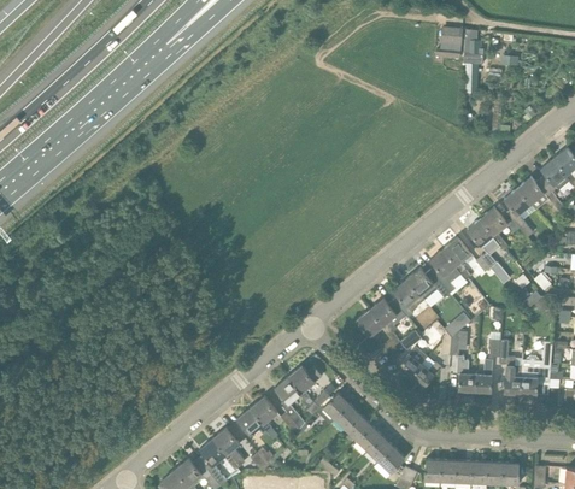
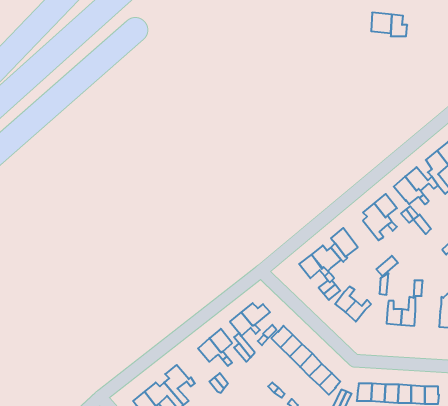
building: [407,269,448,301] -> none
building: [499,341,521,394] -> none
building: [212,428,245,471] -> none

